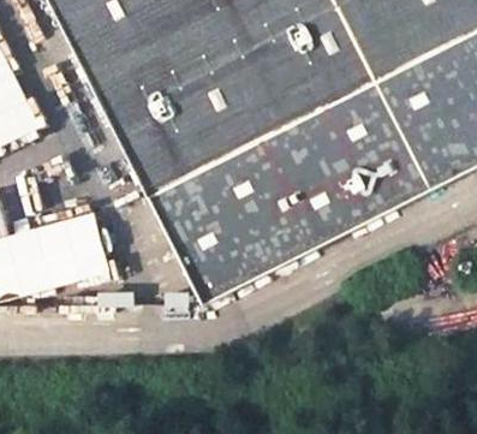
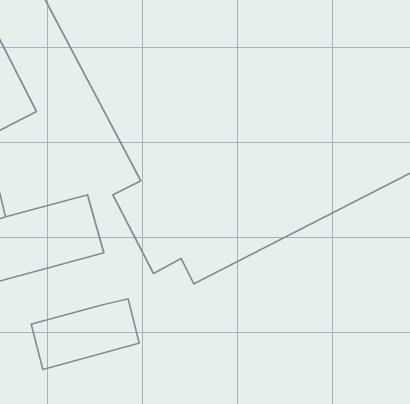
building: none -> [31,299,139,369]

